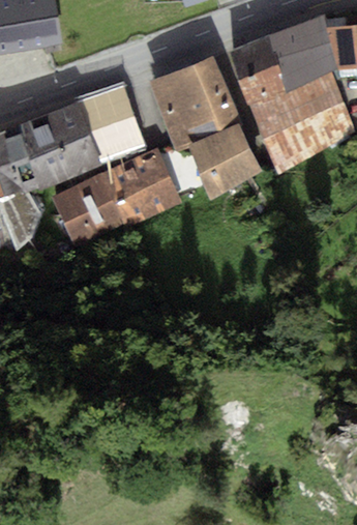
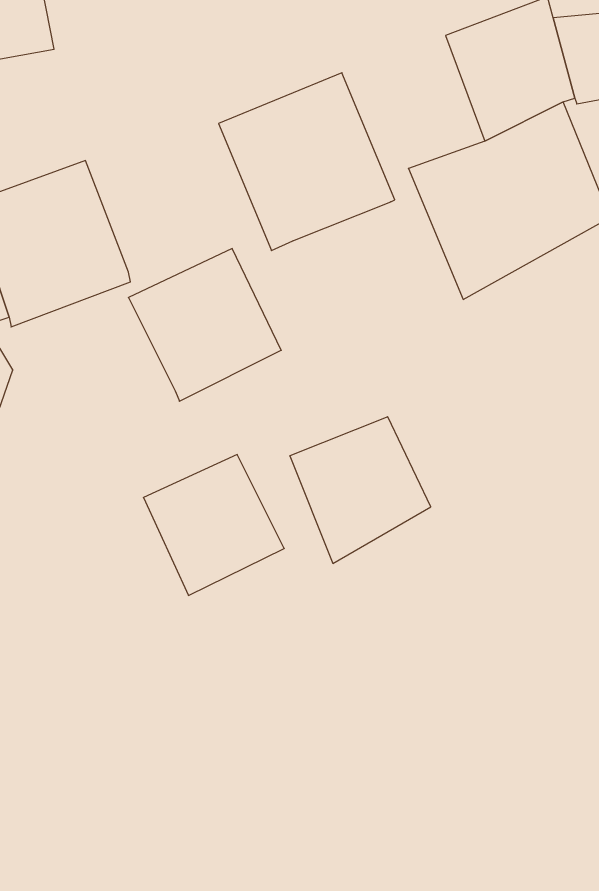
building: [229,34,289,105] -> none
building: [78,85,144,159] -> none
building: [187,122,262,200] -> [290,417,431,563]
building: [51,173,125,247] -> [143,455,284,595]

